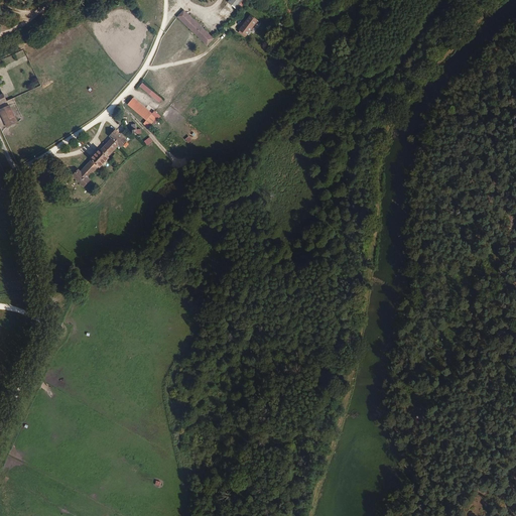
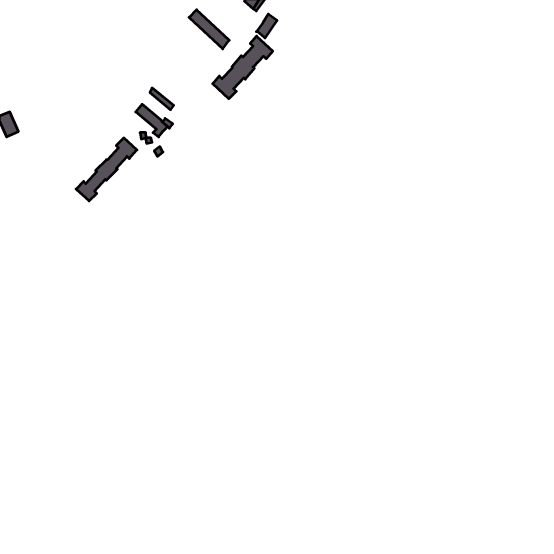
building: none -> [213,36,273,99]

